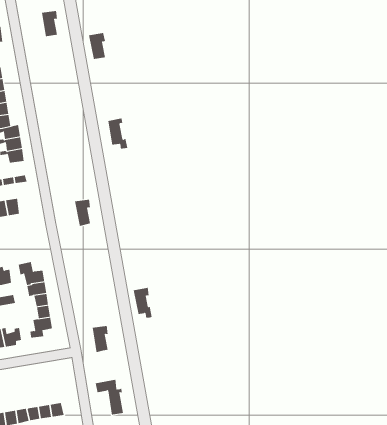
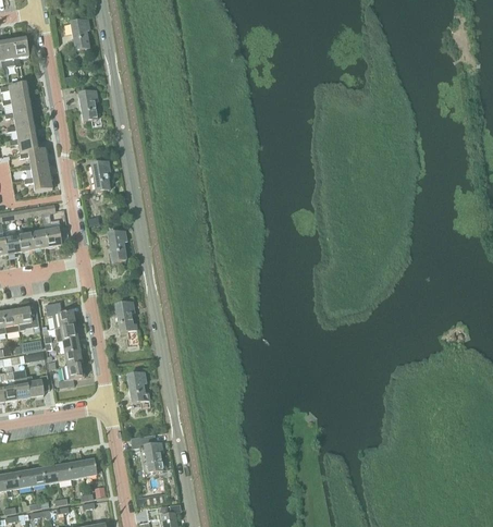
building: [88,32,106,60] -> [78,89,98,120]
building: [108,118,128,149] -> [91,160,114,195]
building: none -> [45,223,70,246]
building: [133,287,152,318] -> [115,301,137,335]

